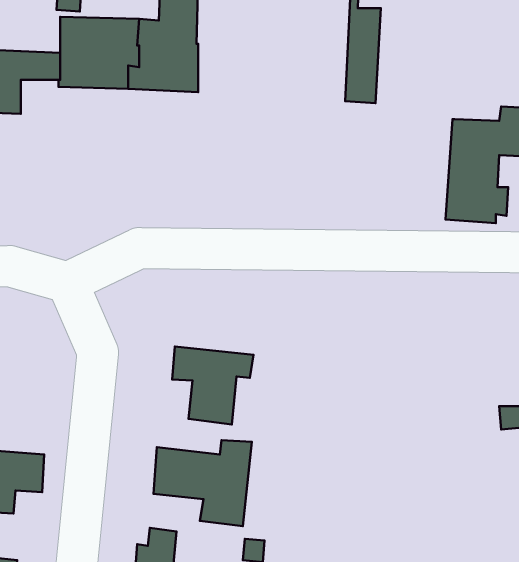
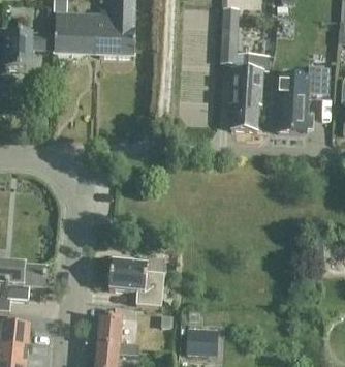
building: none -> [229,53,270,129]
building: [172,347,254,424] -> none

